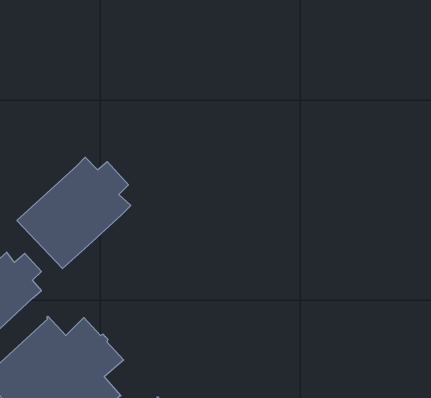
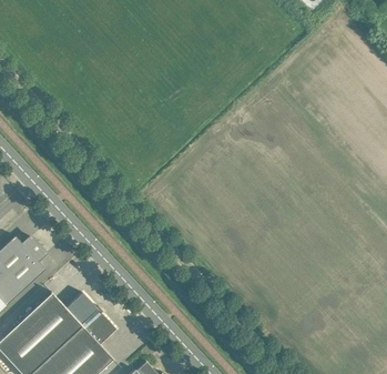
building: [17,157,131,269] -> none

